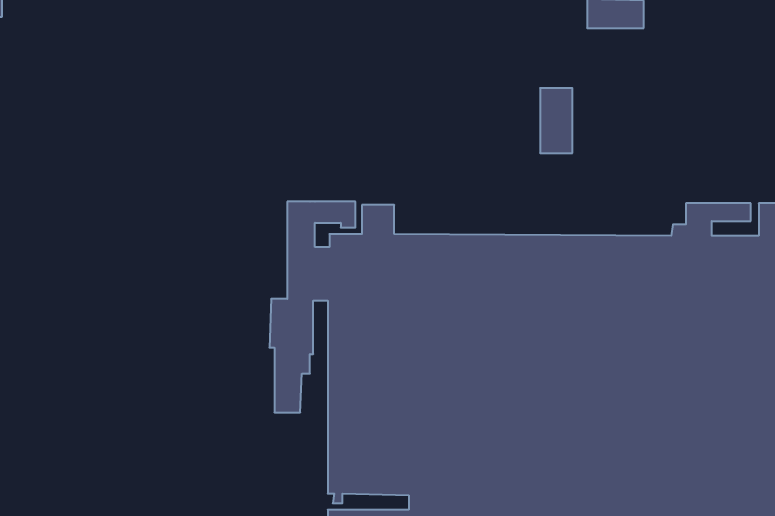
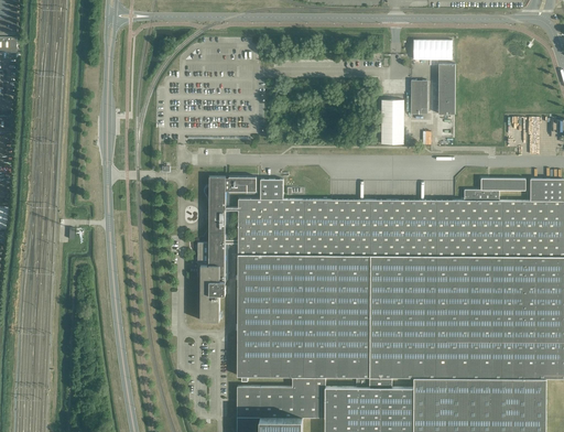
building: none -> [437,64,455,115]
building: none -> [410,80,427,115]

